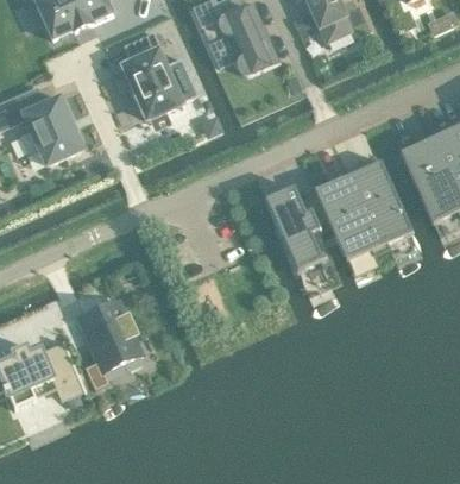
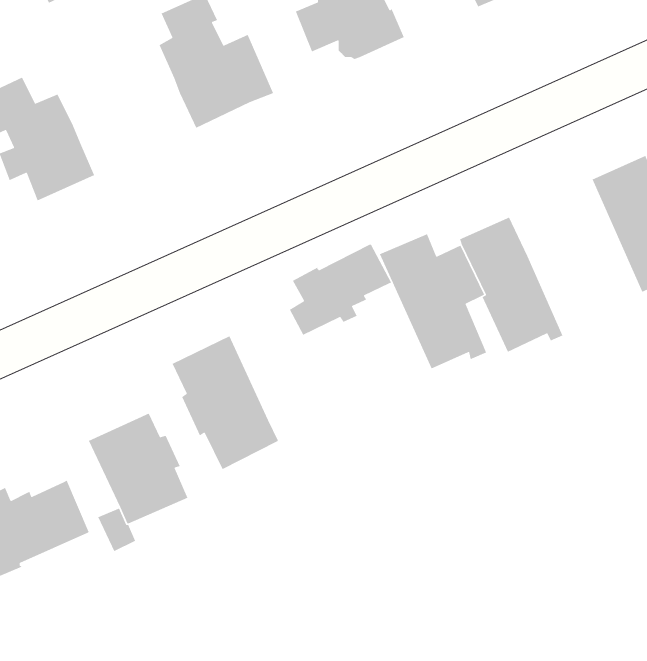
building: [347,158,414,250] -> none
building: none -> [289,244,392,336]
building: none -> [172,335,279,470]

